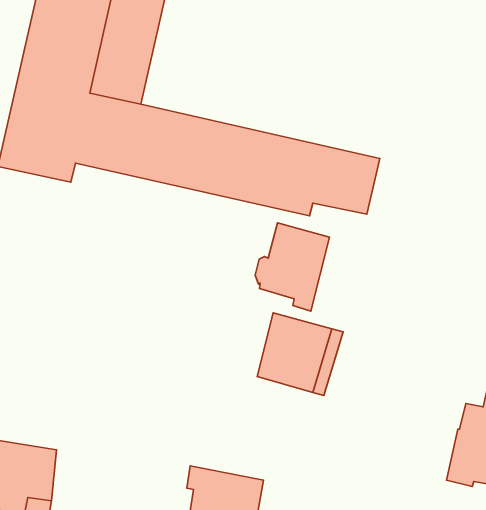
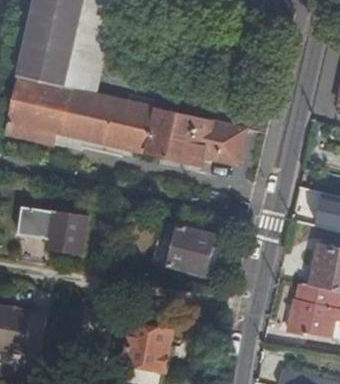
building: [255,223,330,311] -> none
building: none -> [17,206,86,253]

